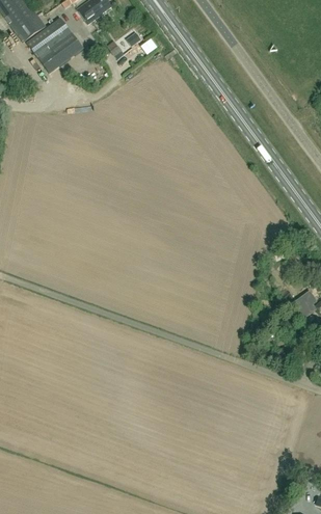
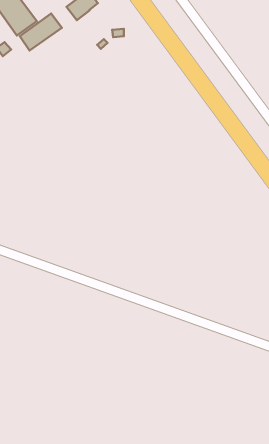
building: [36,31,83,74] -> none

